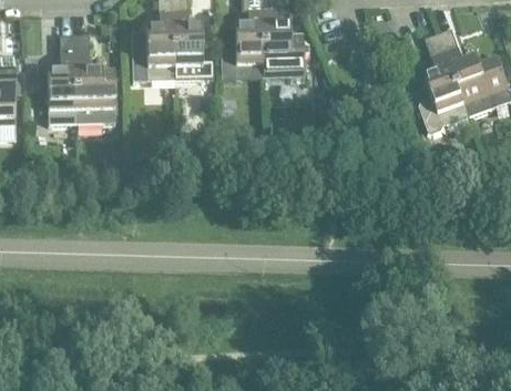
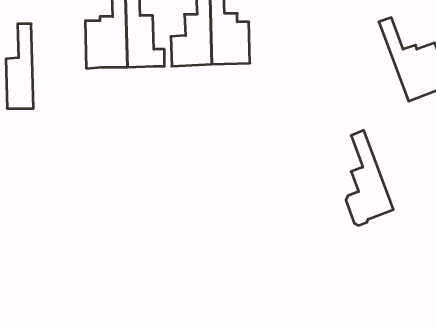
building: [420,33,470,133] -> [346,130,393,225]
building: [74,35,115,124] -> none

